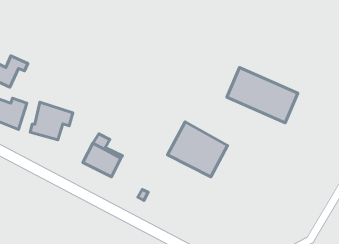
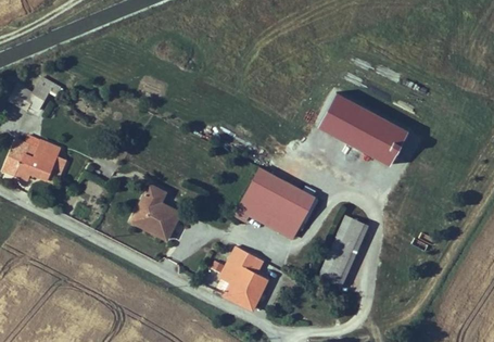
building: [30,102,73,140] -> none
building: none -> [316,220,368,293]
building: none -> [218,245,267,307]

